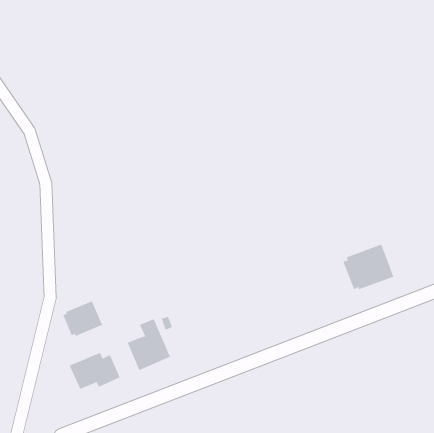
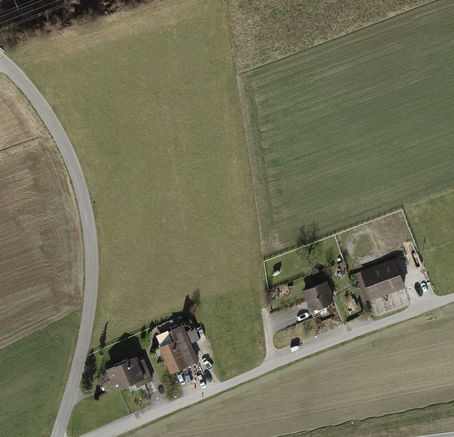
building: none -> [301,282,334,314]
building: [63,300,103,337] -> none

